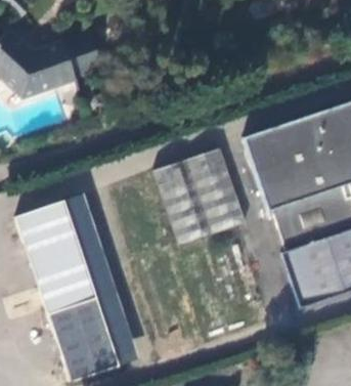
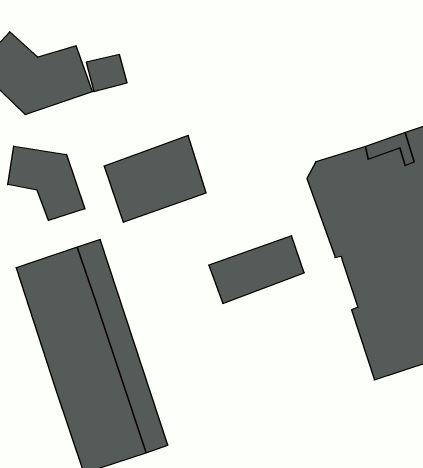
building: none -> [8,146,85,220]
building: [153,146,235,216] -> [104,135,206,222]

